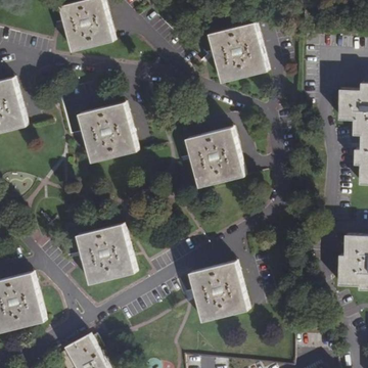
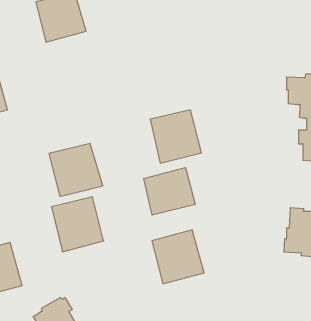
building: [209,19,266,80] -> none
building: [76,103,136,163] -> [49,144,103,197]
building: none -> [144,168,195,215]

